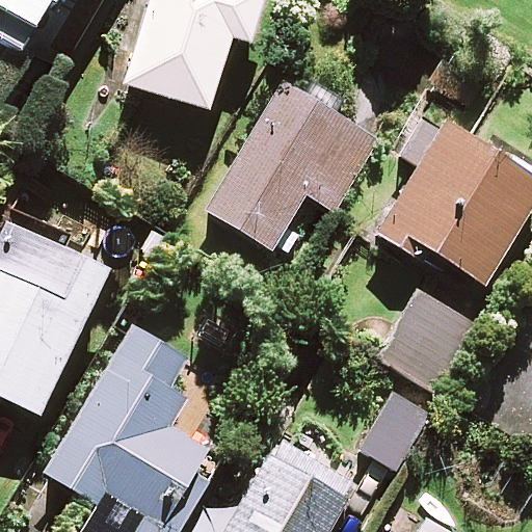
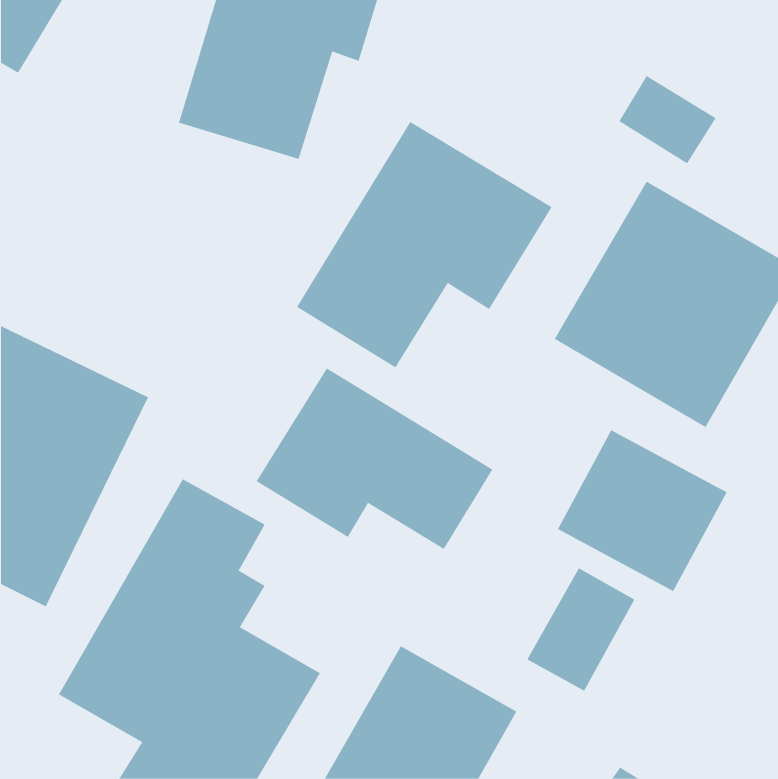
building: none -> [256,367,493,550]

